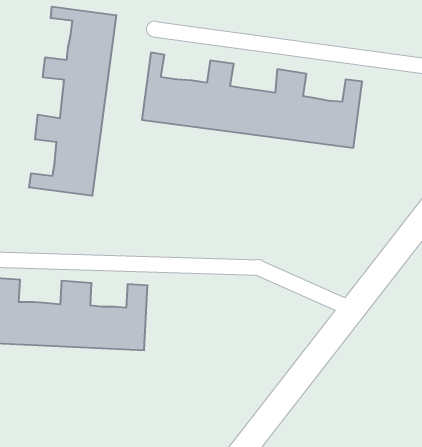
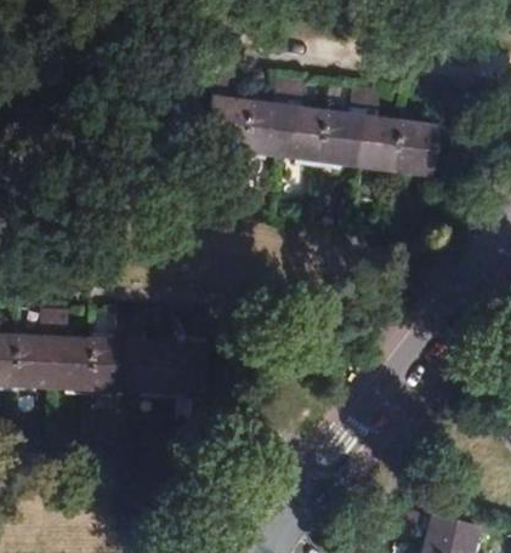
building: [29,7,116,196] -> none

